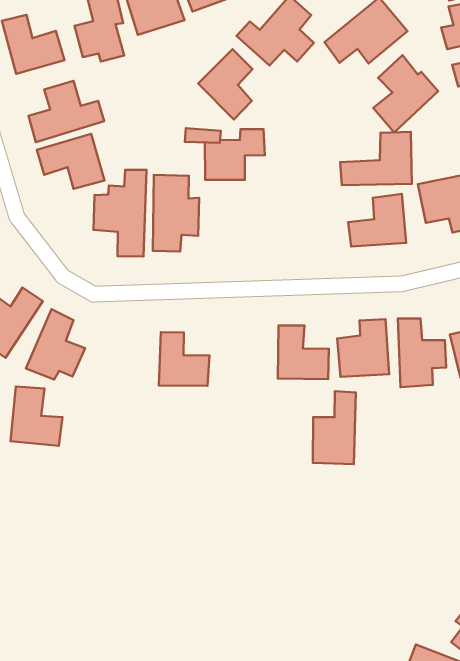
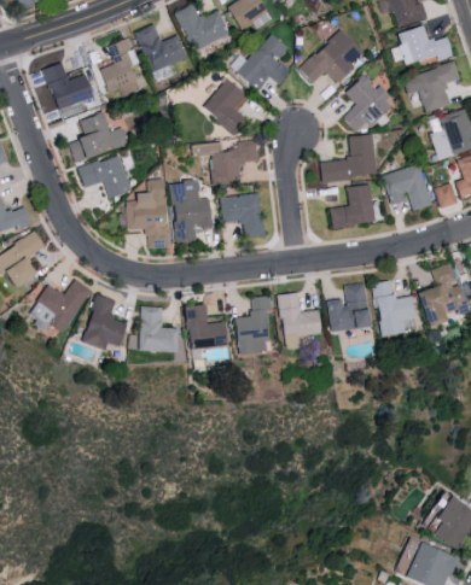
building: none -> [221,194,264,238]
building: [11,387,62,446] -> [139,306,179,351]
building: [313,391,356,464] -> [234,297,269,355]

